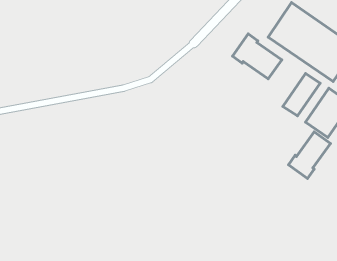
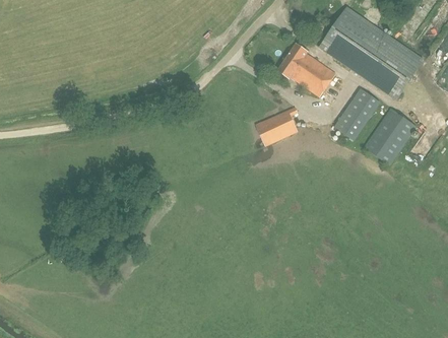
building: none -> [256,106,298,144]
building: [289,132,331,179] -> none

